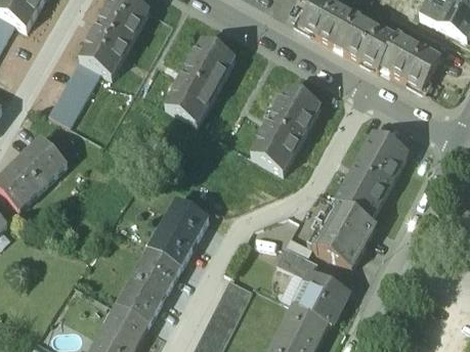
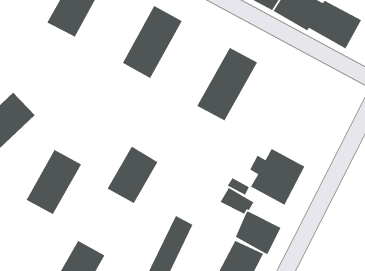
building: [49,58,101,125] -> none
building: [338,134,407,219] -> none
building: [116,248,180,323] -> [26,149,82,215]

